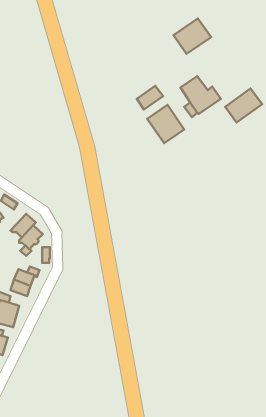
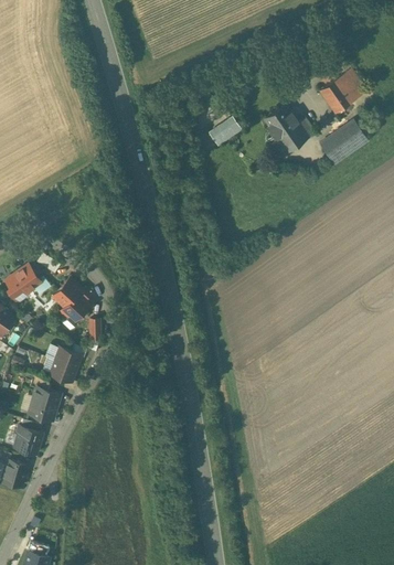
building: [173,19,211,54] -> [317,68,364,113]
building: [147,105,184,143] -> none

